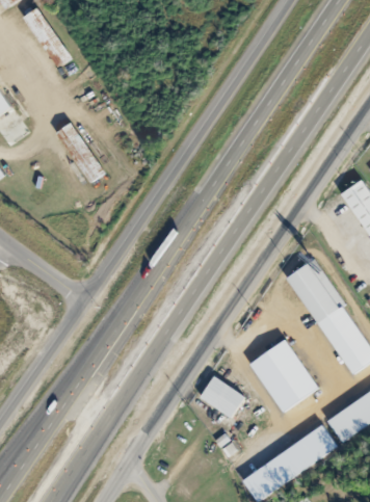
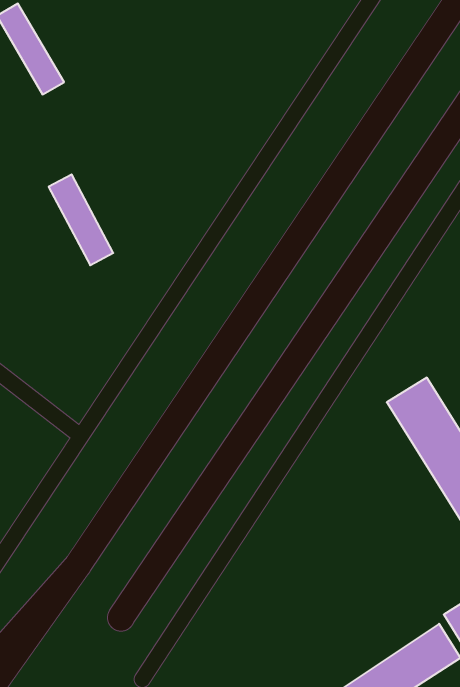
building: [249,339,319,413] -> none
building: [200,375,245,418] -> none

